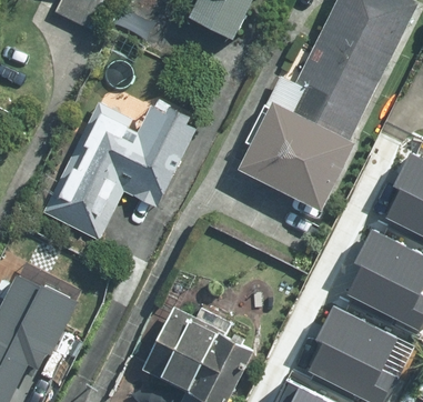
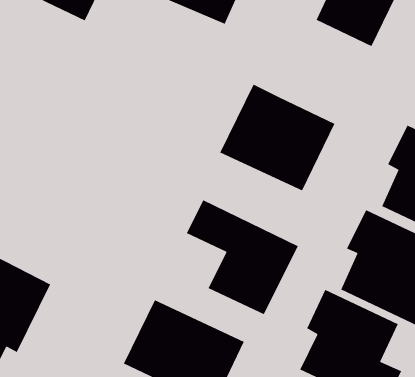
building: [290,44,377,142] -> none
building: [49,105,185,245] -> none
building: none -> [186,199,299,315]

